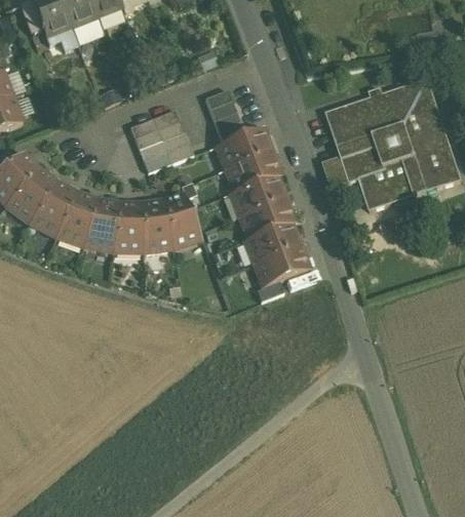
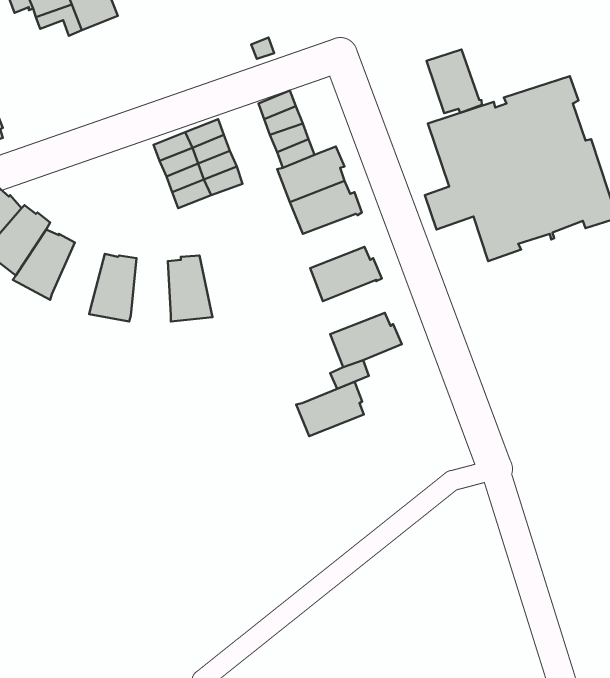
building: none -> [427,49,482,113]
building: [232,175,280,214] -> none
building: [56,194,95,243] -> none
building: [161,194,199,245] -> none
building: [113,203,142,248] -> none
building: [246,223,295,262] -> [296,382,364,436]

